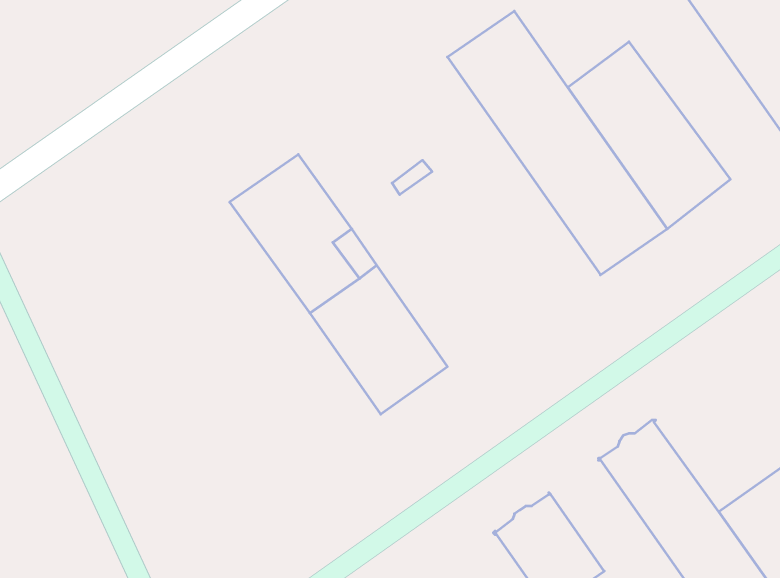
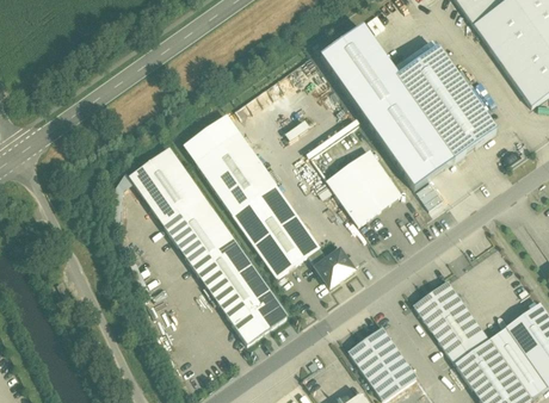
building: none -> [130,150,286,343]
building: none -> [327,150,401,224]
building: none -> [316,249,353,285]

